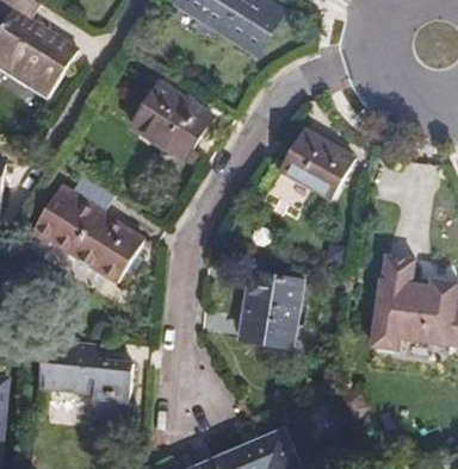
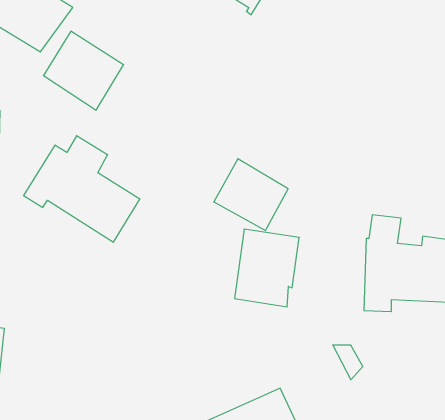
building: [131,82,211,161] -> [43,31,124,110]
building: [278,129,352,200] -> [214,159,288,231]
building: [42,344,132,425] -> none

